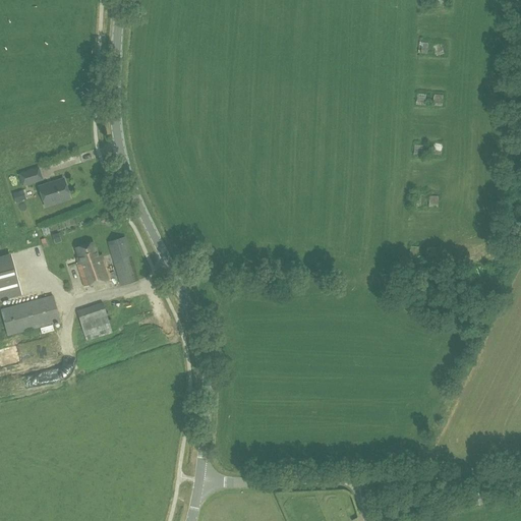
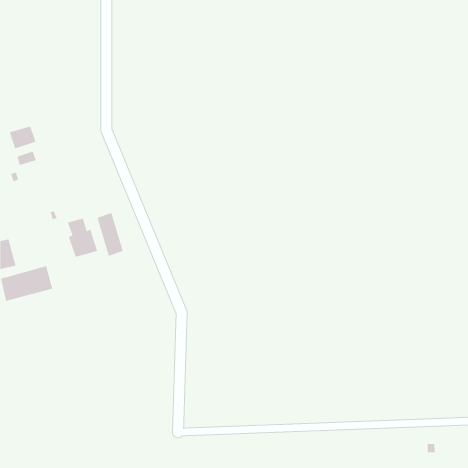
building: [38,178,68,205] -> [9,125,36,149]
building: [76,301,112,340] -> none

